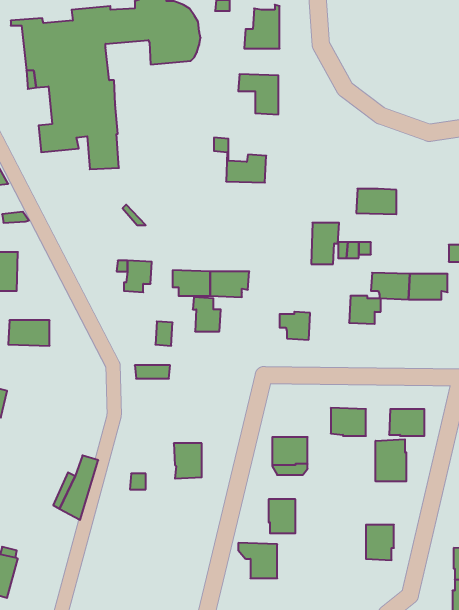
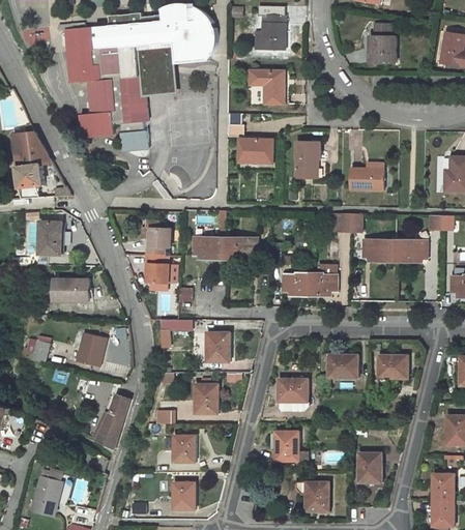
building: none -> [369,25,395,62]
building: none -> [136,43,177,96]
building: [311,223,339,264] -> [295,142,319,177]
building: [349,296,381,324] -> [309,273,336,297]
building: [193,297,221,331] -> [150,255,174,284]
building: none -> [76,332,105,366]
building: none -> [206,332,229,362]
building: [376,439,406,481] -> none
building: none -> [173,435,195,462]
building: [238,543,277,578] -> [295,481,328,511]
building: none -> [173,482,194,509]

